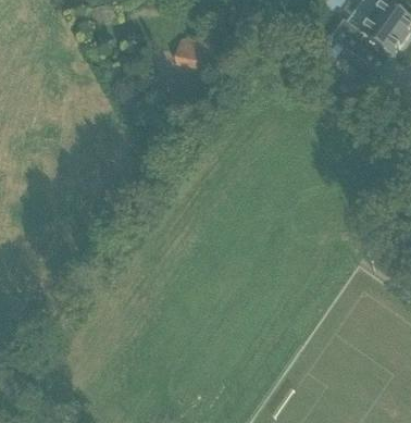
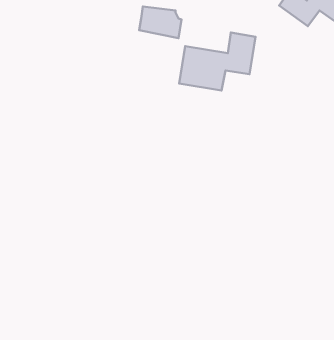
building: none -> [179,32,256,90]

